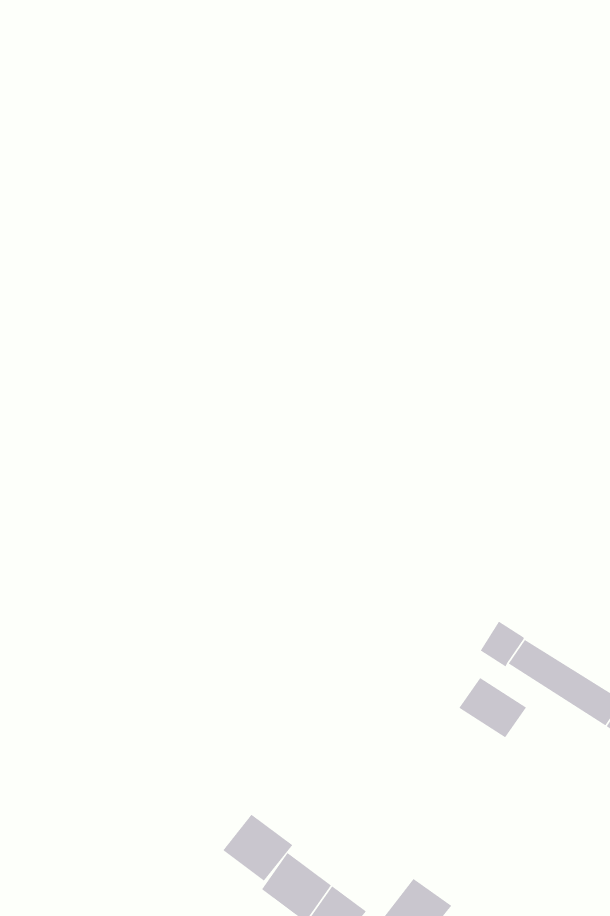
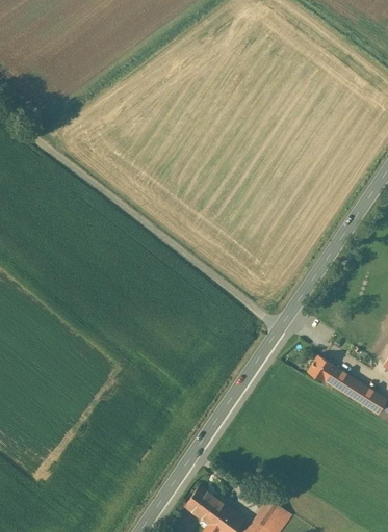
building: [459,677,527,738] -> none
building: [222,814,293,882] -> none

